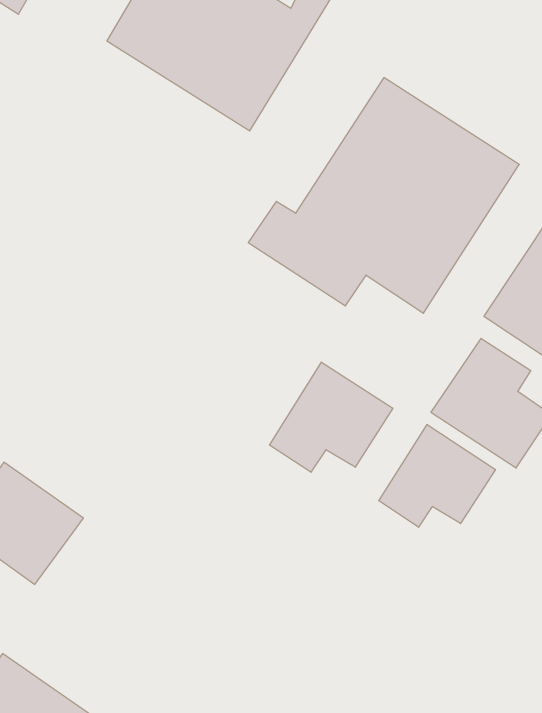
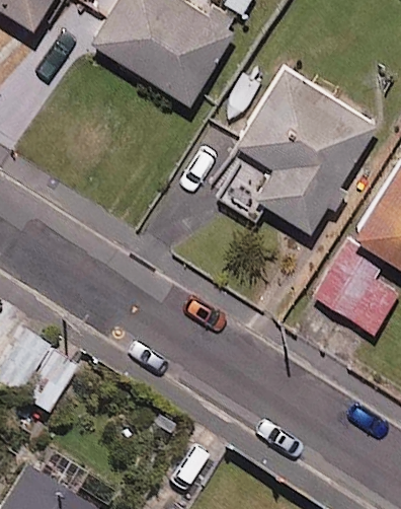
building: [269,362,393,472] -> none
building: [379,425,495,527] -> none

